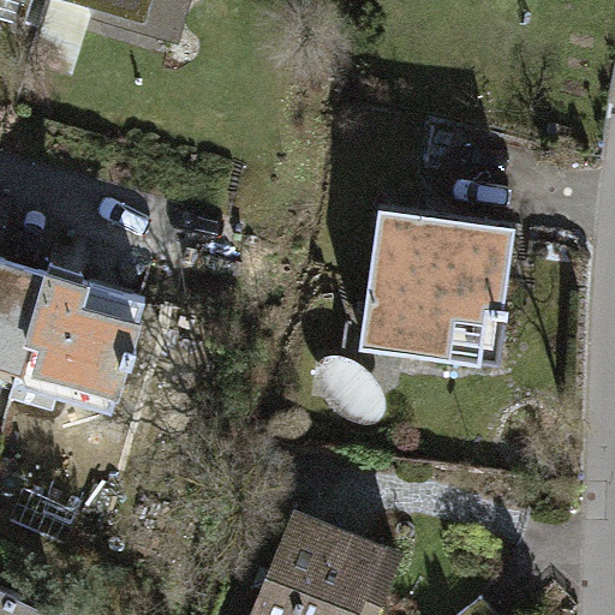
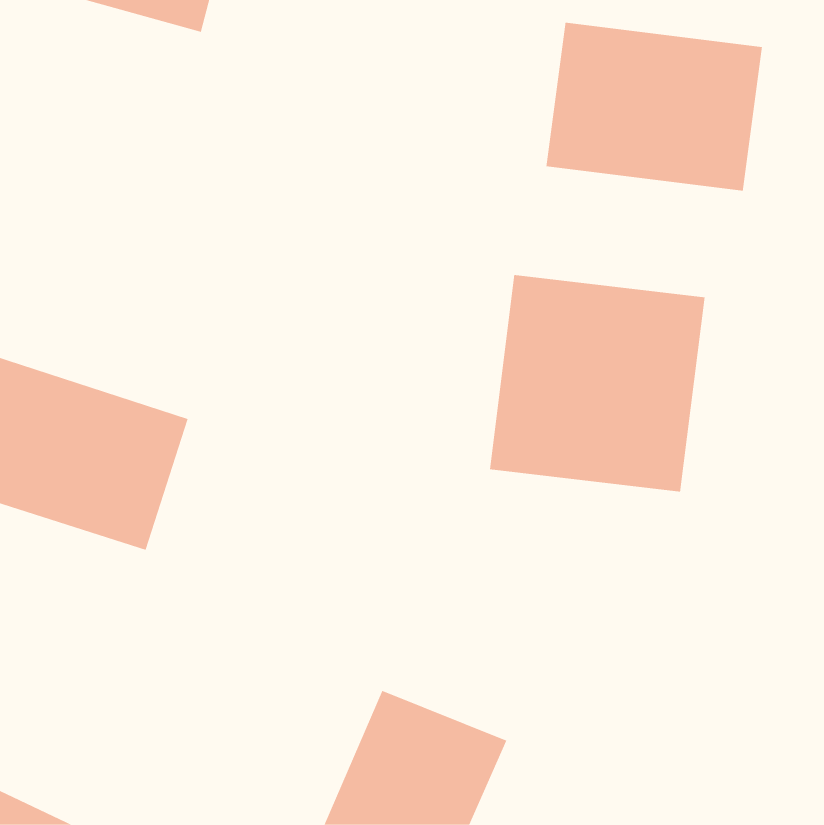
building: none -> [546,22,762,192]

